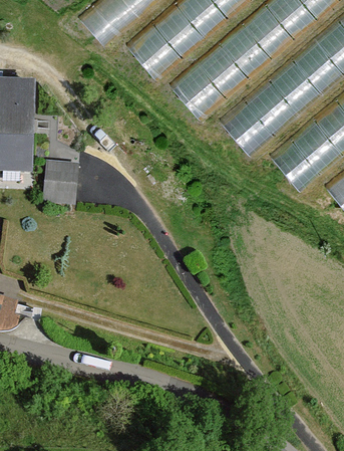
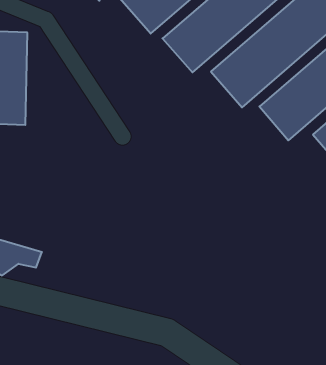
building: [41,157,82,203] -> none

